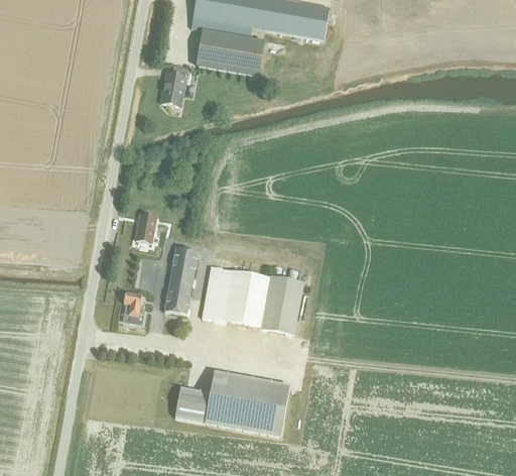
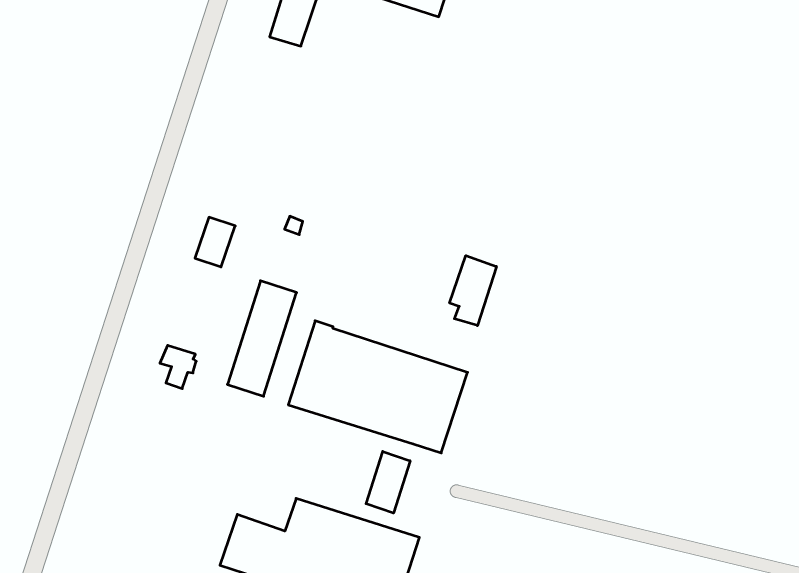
building: none -> [450,256,496,326]
building: none -> [366,451,410,513]

